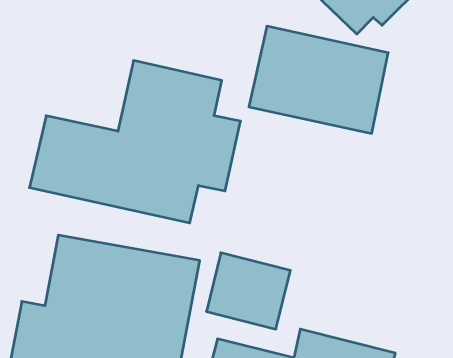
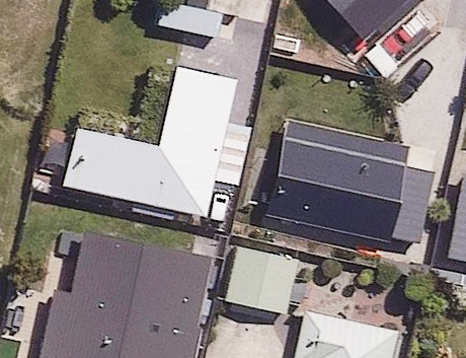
building: [249,26,388,133] -> [280,139,407,237]

